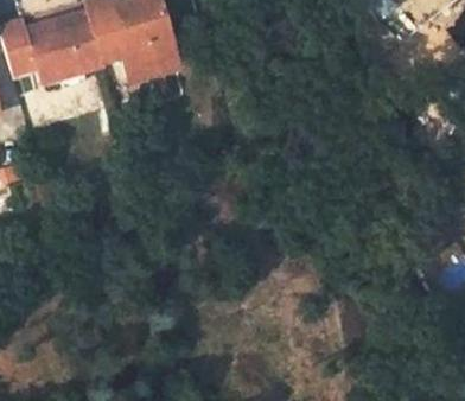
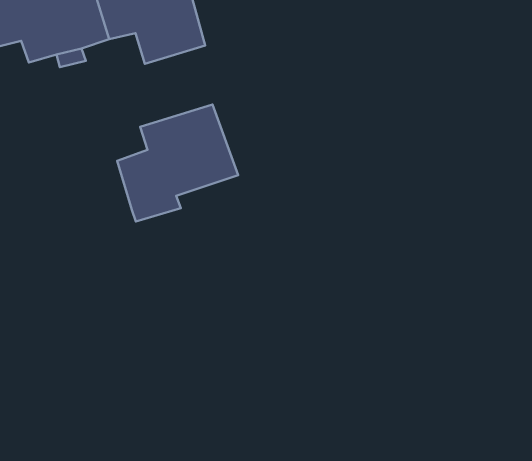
building: none -> [117,104,238,221]

